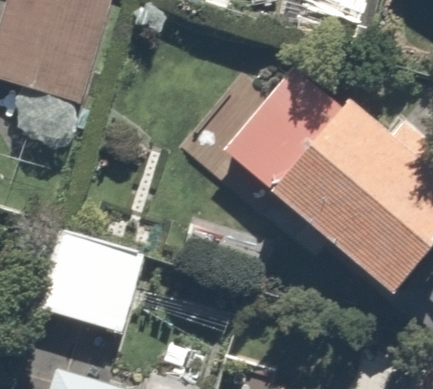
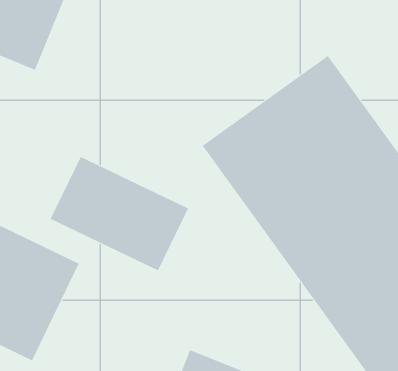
building: none -> [50,156,189,271]

